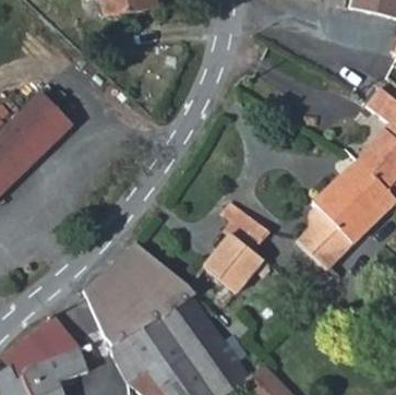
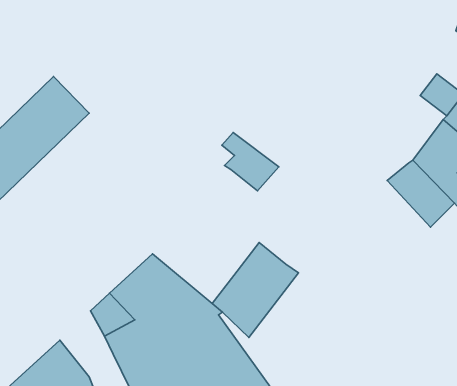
building: [295,179,372,267] -> none
building: [217,201,266,251] -> [222,133,279,191]

